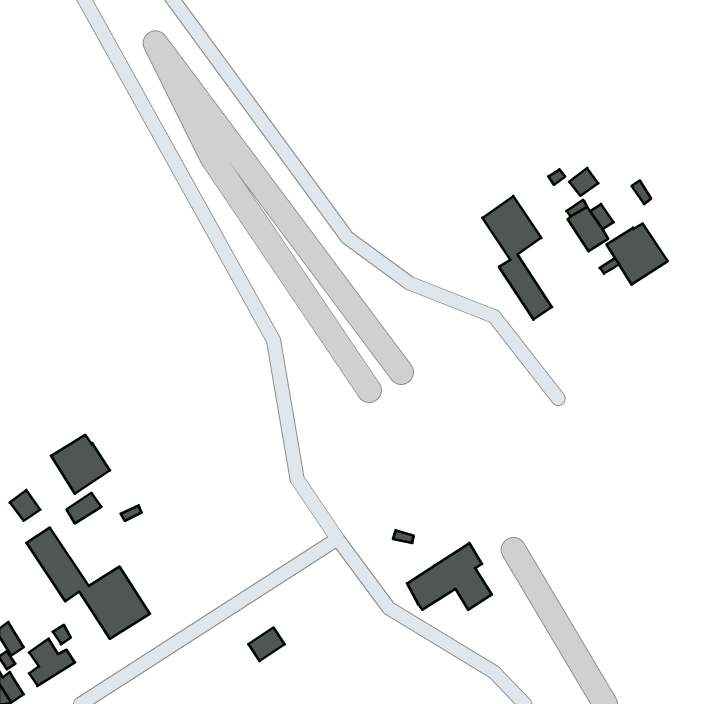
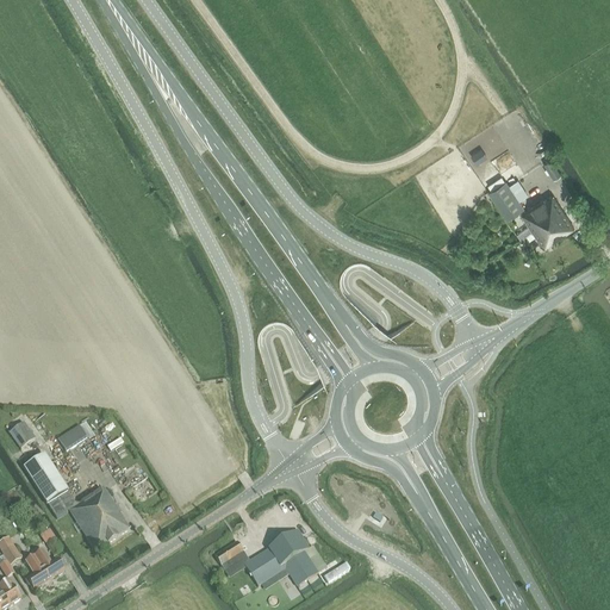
building: [482,196,552,320] -> none
building: [51,435,110,494] -> none
building: [407,543,492,610] -> [244,528,317,585]

